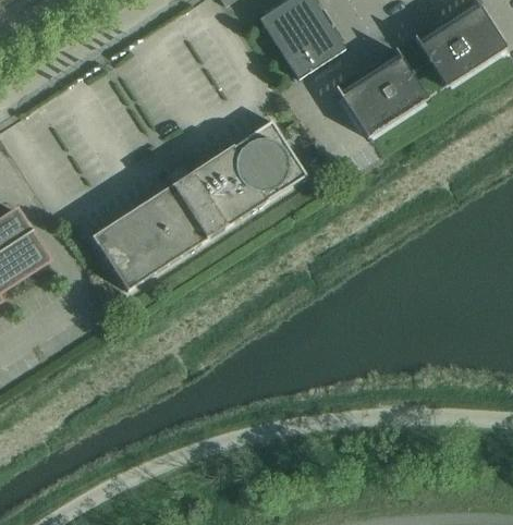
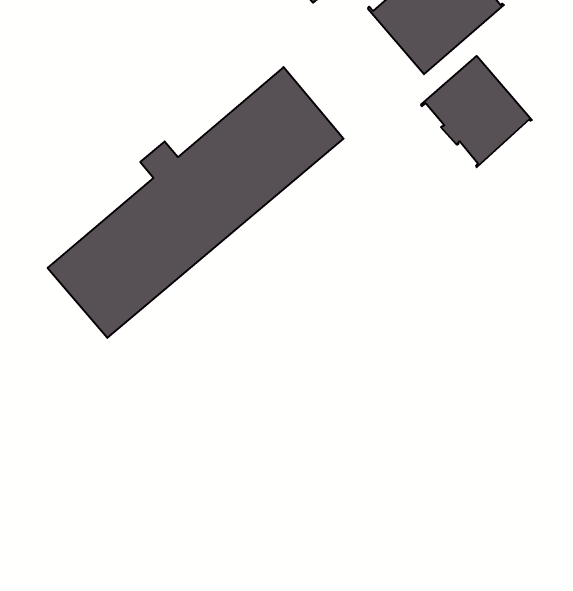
building: none -> [421,56,532,167]

